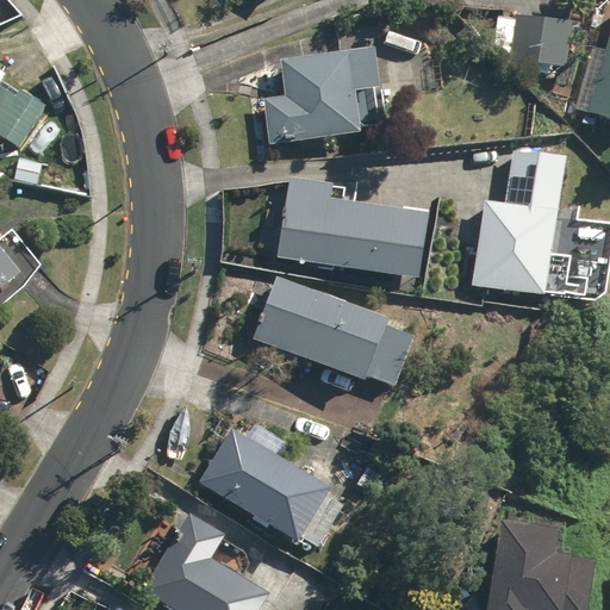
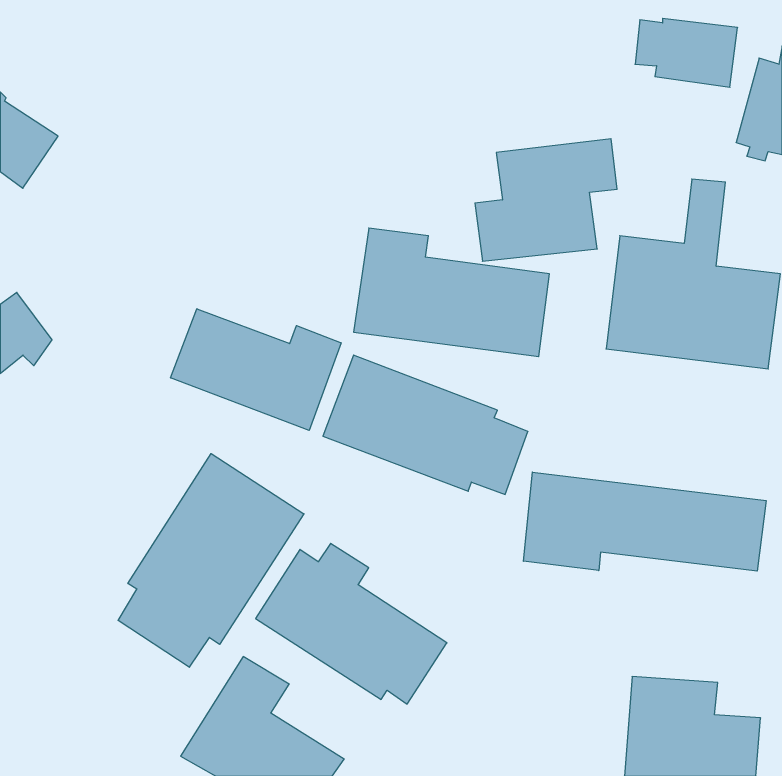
building: [264,48,375,143] -> [475,139,617,261]
building: none -> [171,309,341,430]
building: none -> [118,454,304,667]
building: none -> [523,472,766,571]

